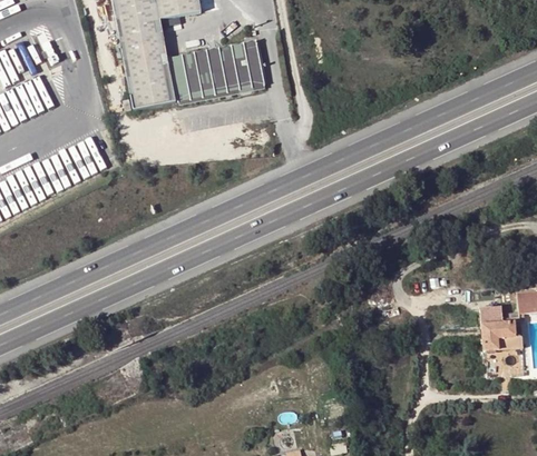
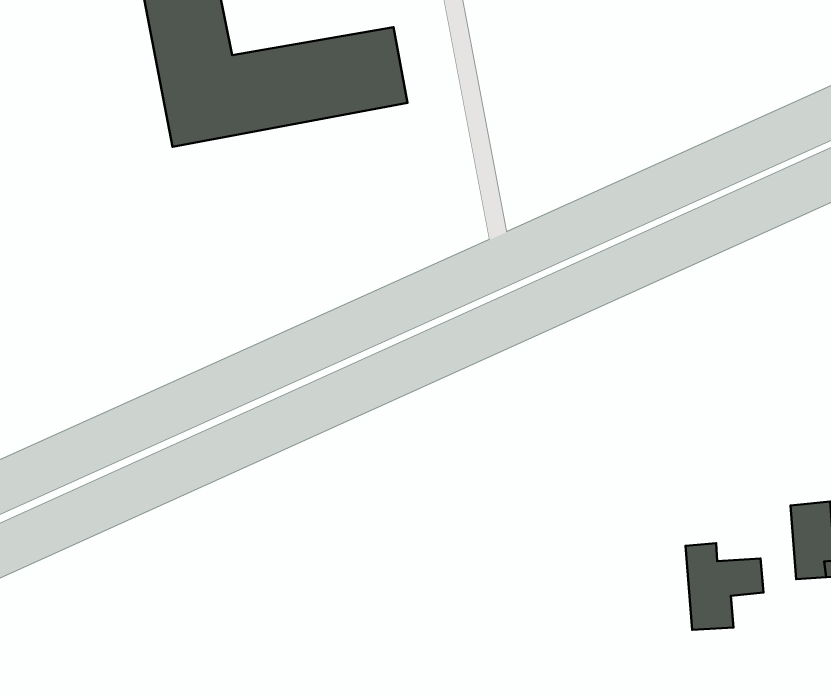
building: none -> [685,543,764,630]

